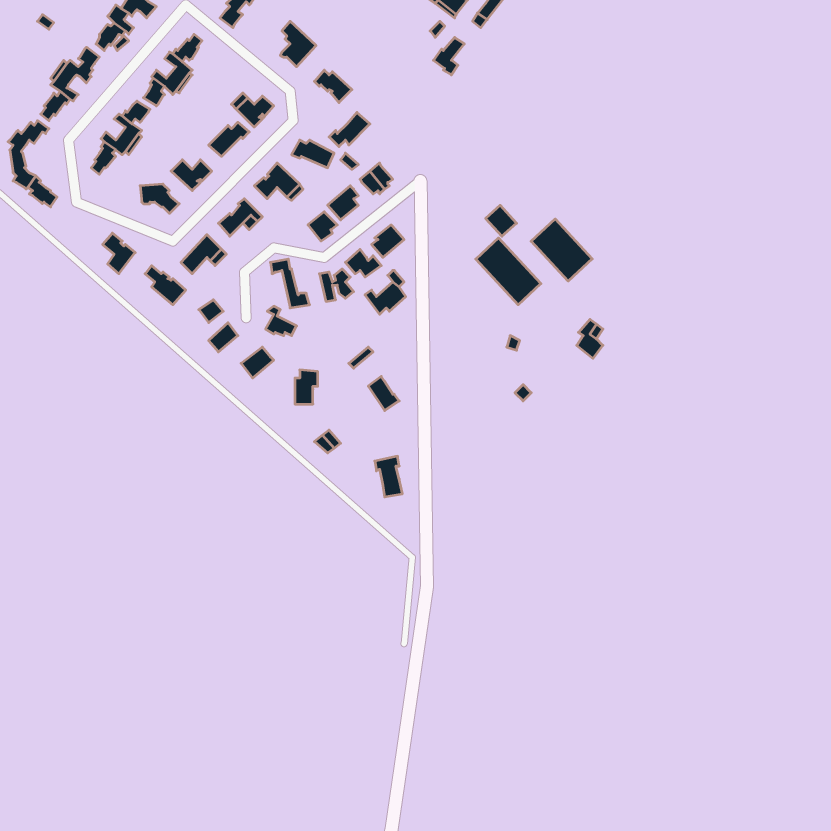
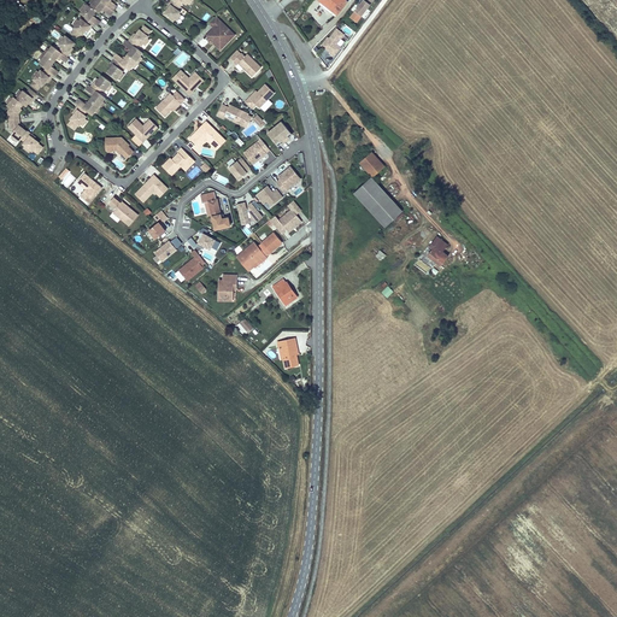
building: [531,219,592,281] -> none
building: none -> [235,231,281,270]

